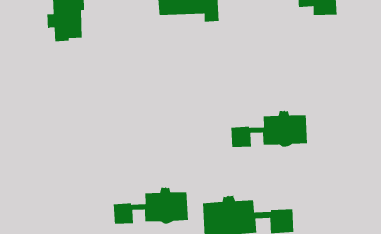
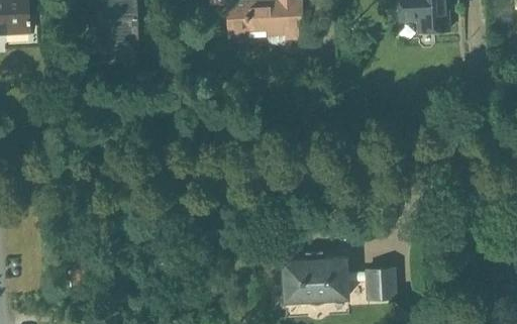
building: [230,110,308,148] -> none
building: [113,186,189,225] -> none

